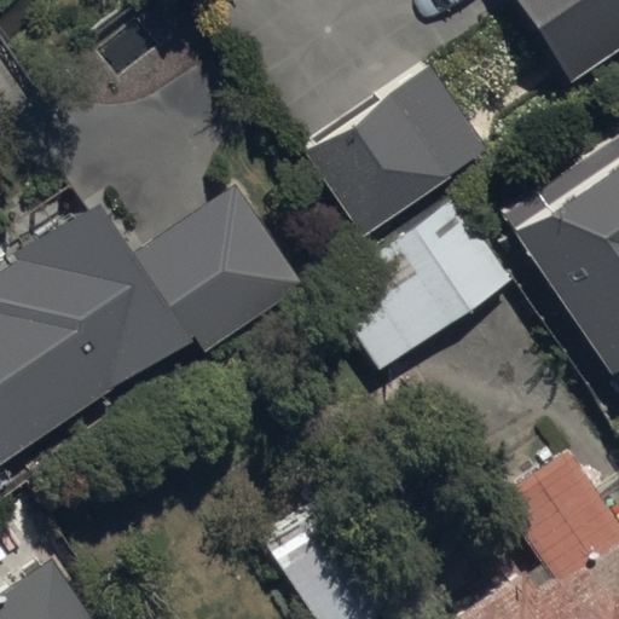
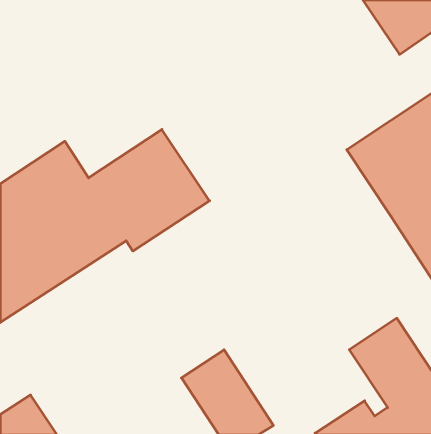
building: [303,64,488,235] -> none
building: [328,197,509,364] -> none

